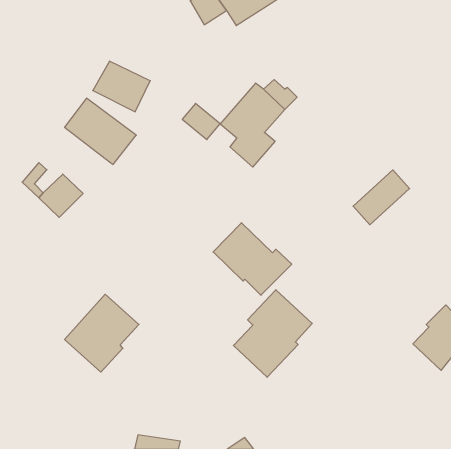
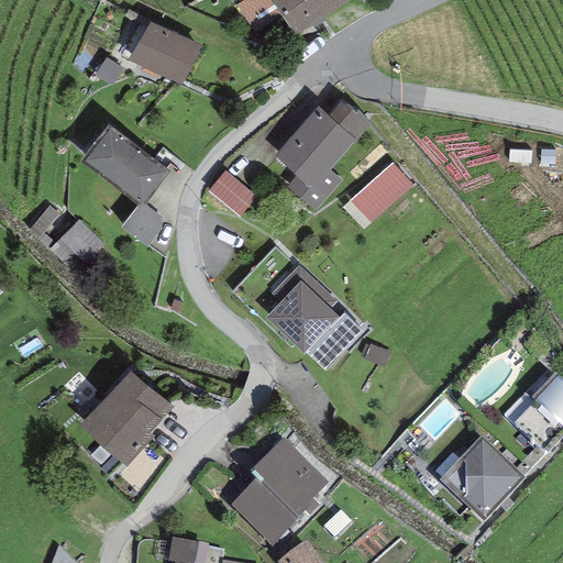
building: [93,61,150,112] -> [130,19,201,81]
building: [182,103,220,140] -> [209,168,256,213]
building: none -> [121,199,163,243]
building: [353,170,410,225] -> [343,159,413,228]
building: [233,290,312,377] -> [231,441,329,550]
building: none -> [440,442,526,528]

